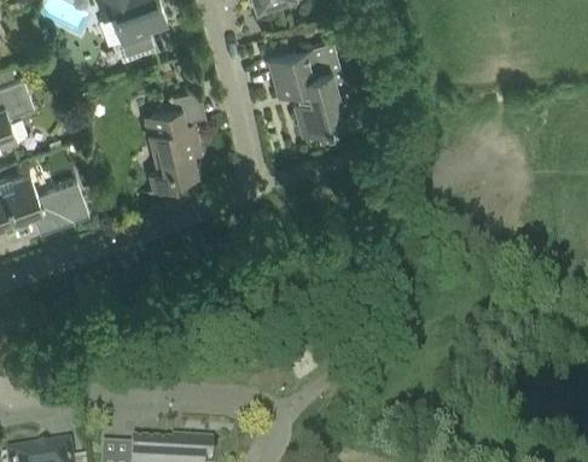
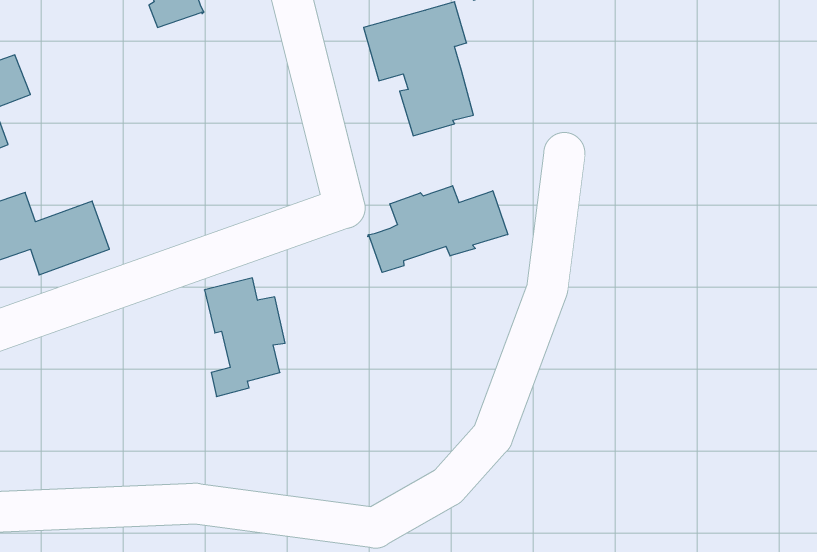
building: [145,110,202,193] -> [204,278,285,397]
building: none -> [368,186,508,272]

